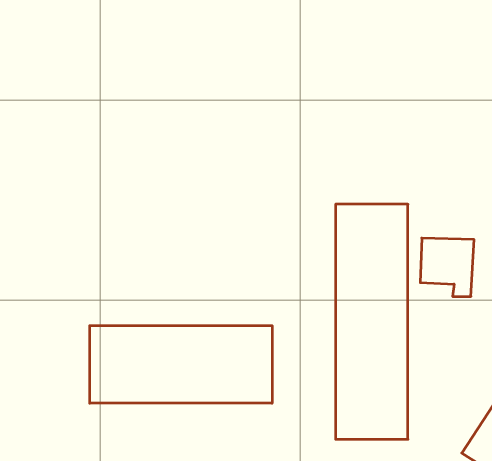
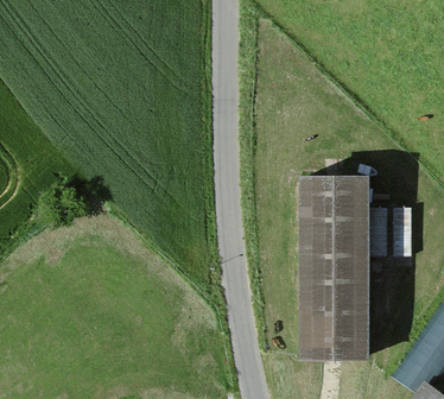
building: [90,326,272,403] -> none

